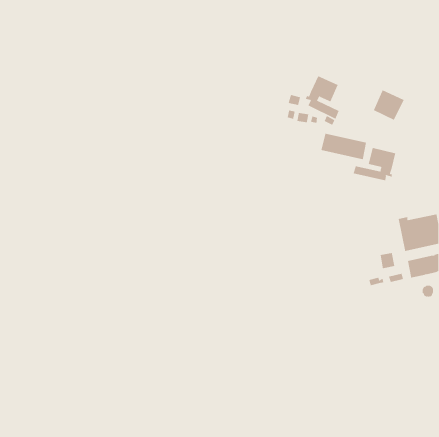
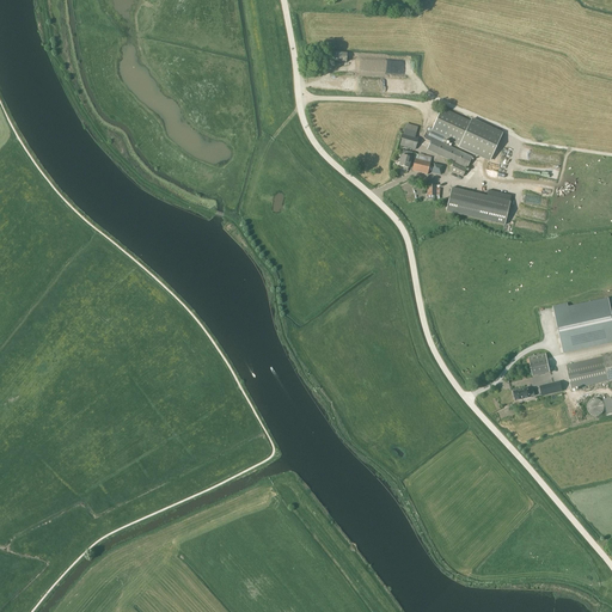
building: [373,89,405,120] -> [459,116,503,159]
building: [353,147,396,181] -> none

